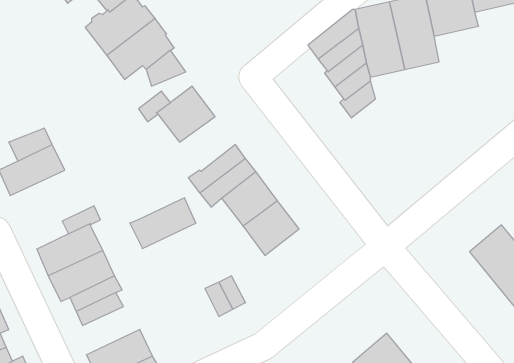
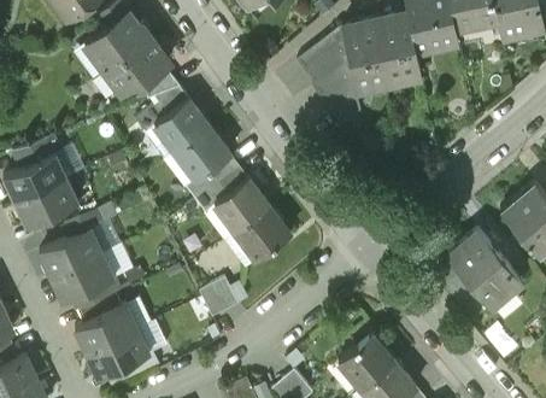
building: none -> [175,128,228,180]
building: none -> [14,178,78,228]
building: [130,198,196,249] -> [75,305,137,353]

